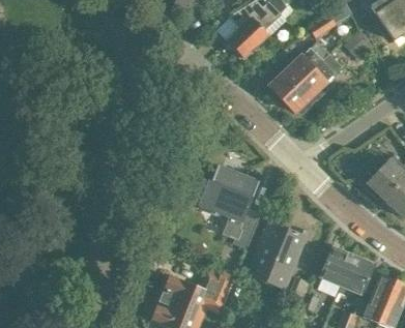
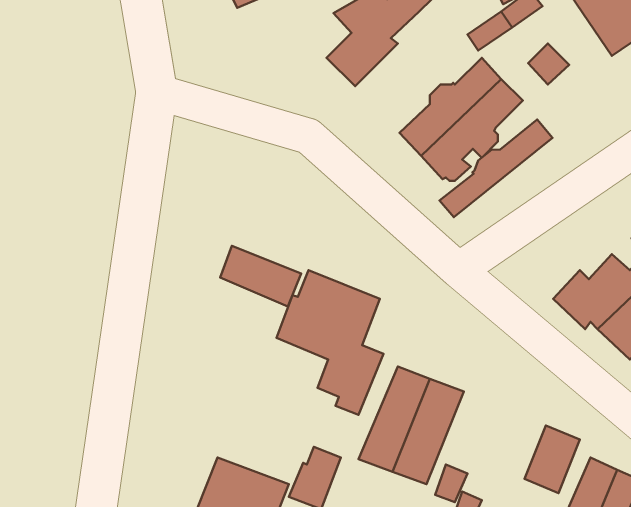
building: none -> [440,119,553,217]
building: none -> [220,246,301,307]
building: [319,245,354,286] -> none

